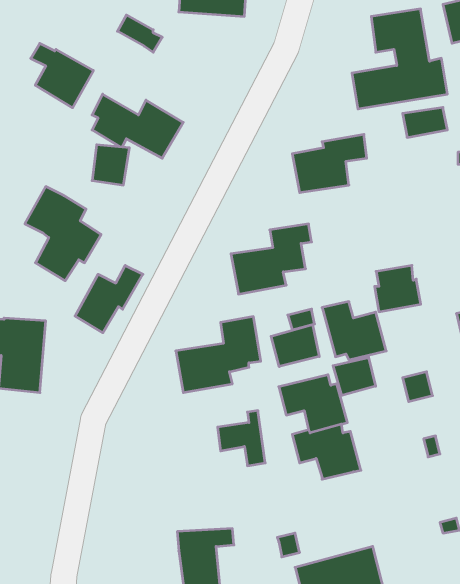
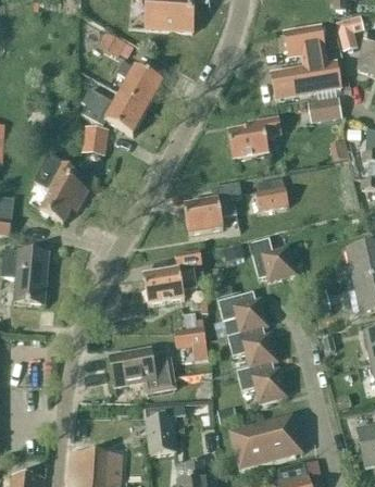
building: [31,43,93,108] -> [117,61,163,108]
building: [75,265,143,333] -> none
building: [375,265,421,312] -> [254,175,288,209]
building: [271,325,319,367] -> none
building: [333,357,376,395] -> none
building: none -> [109,348,174,392]
building: none -> [236,362,286,403]

